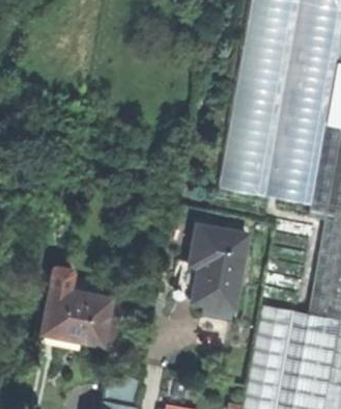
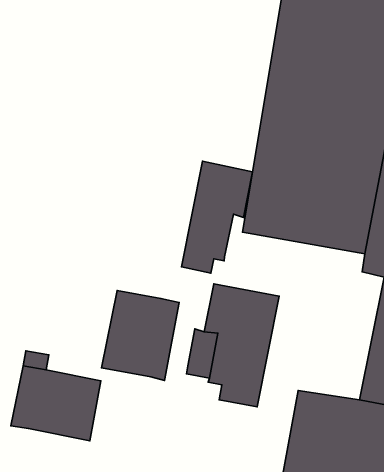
building: none -> [182,161,252,273]
building: none -> [101,290,179,380]

